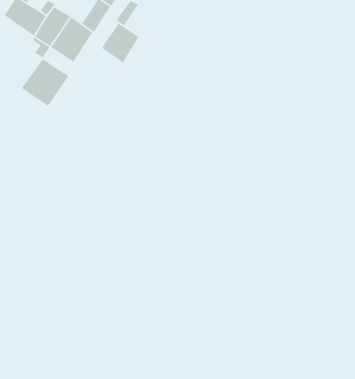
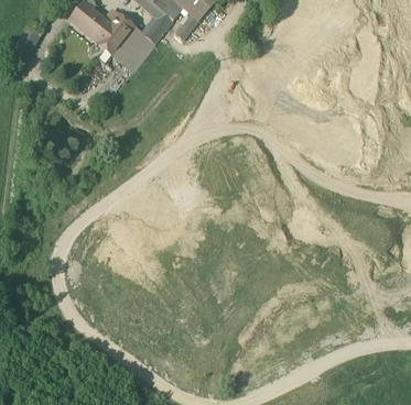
building: [101,22,140,63] -> none
building: [21,58,69,107] -> none

